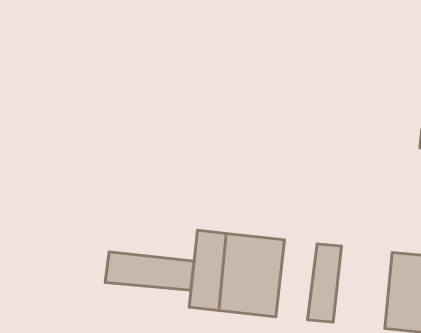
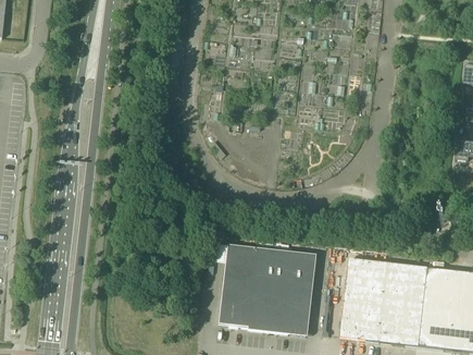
building: none -> [365,260,426,345]
building: [105,252,194,290] -> none

